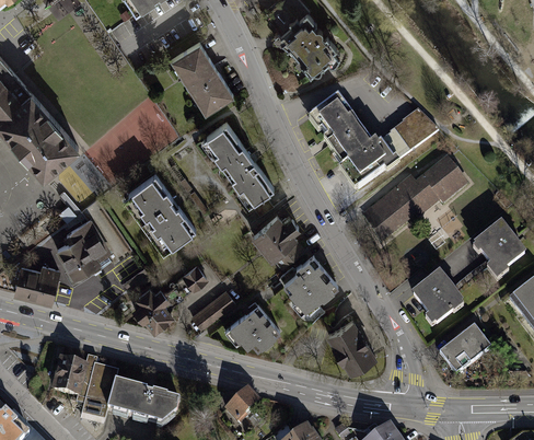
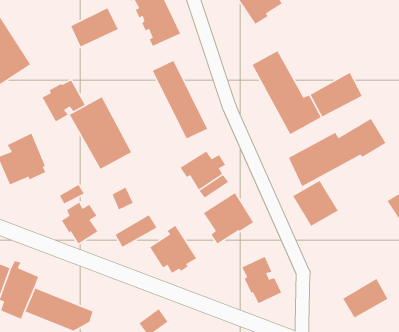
building: none -> [70,7,119,48]
building: none -> [41,80,86,123]
building: [411,274,463,325] -> [292,180,339,227]

